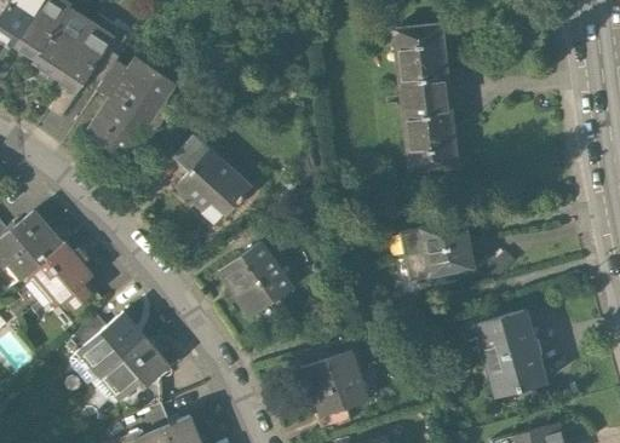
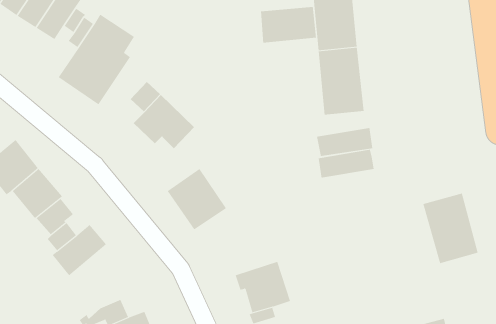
building: none -> [260,6,317,43]
building: [404,244,473,280] -> [316,128,373,157]
building: [475,310,542,396] -> [423,193,479,264]
building: [99,335,168,401] -> none

